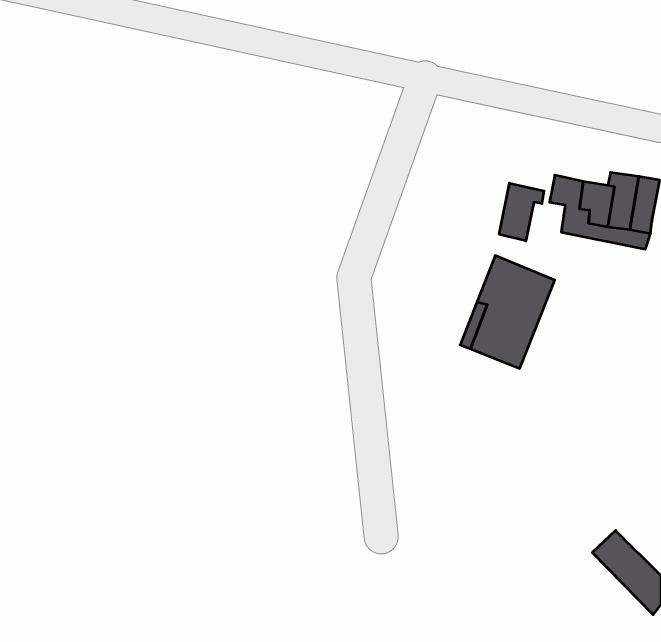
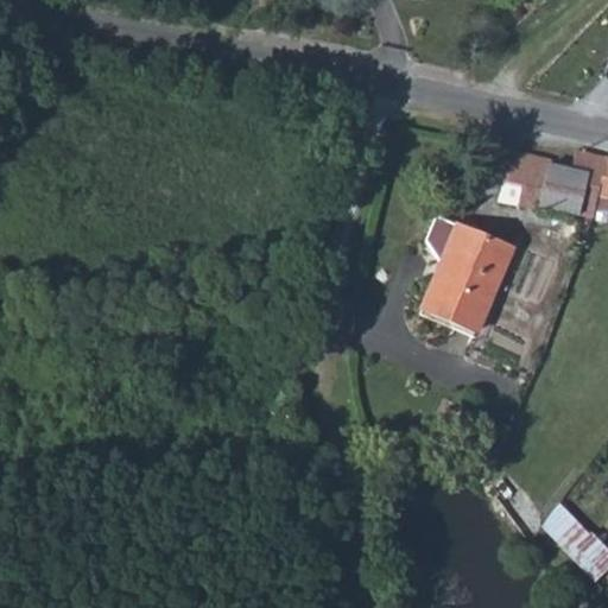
building: [499,183,544,241] -> none

